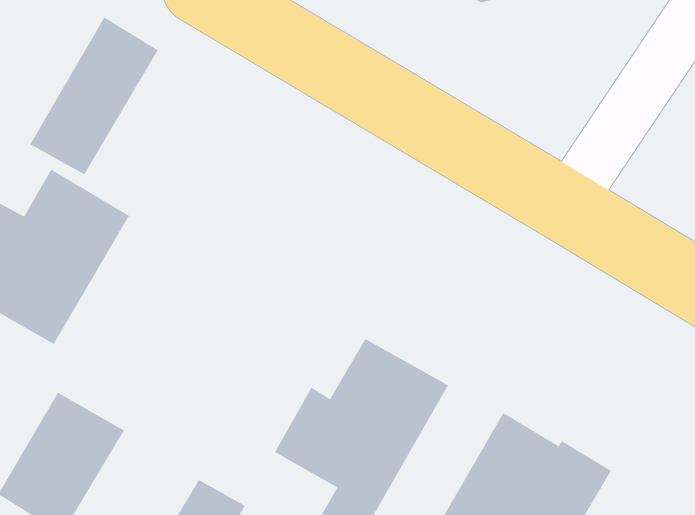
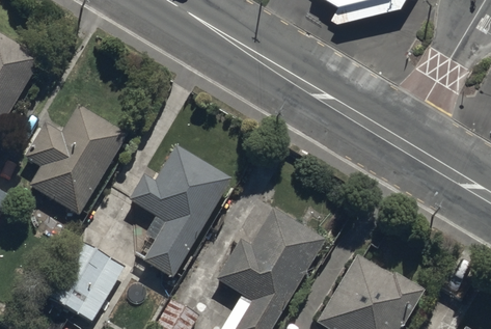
building: [30,17,158,175] -> none
building: none -> [128,146,229,277]

